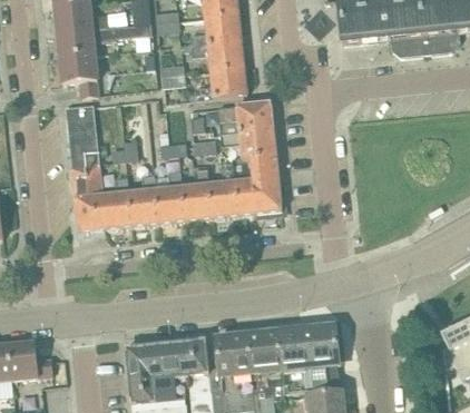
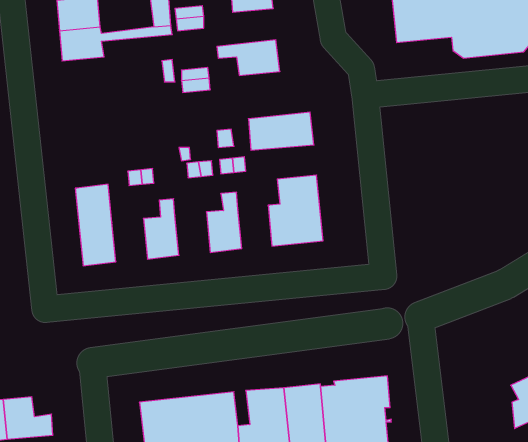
building: [189,13,241,46] -> none
building: [59,55,98,96] -> none
building: [195,67,246,99] -> none
building: [65,105,98,166] -> none
building: [219,129,275,158] -> none
building: [208,166,237,217] -> none
building: [155,171,185,223] -> none
building: [101,177,131,228] -> none

